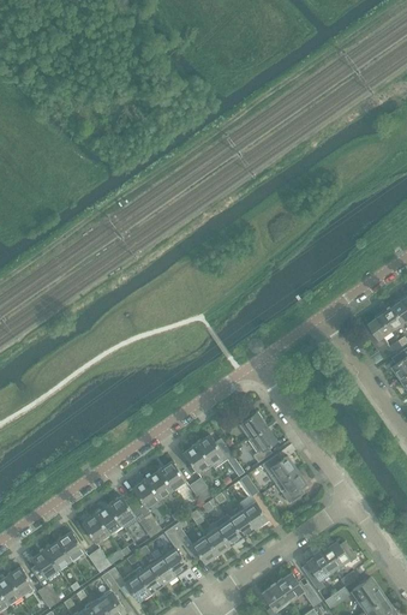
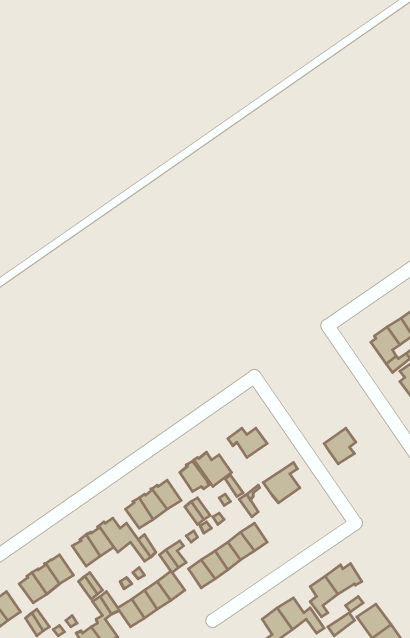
building: [246,426,275,464] -> none
building: [276,468,306,502] -> [324,428,356,464]

